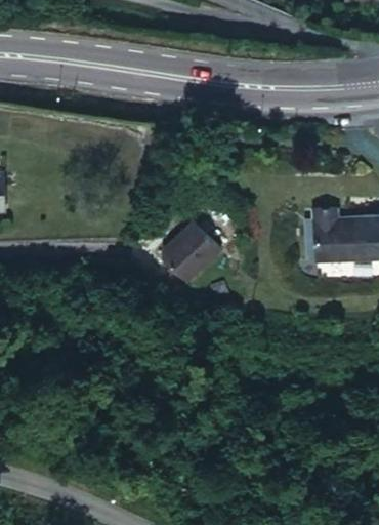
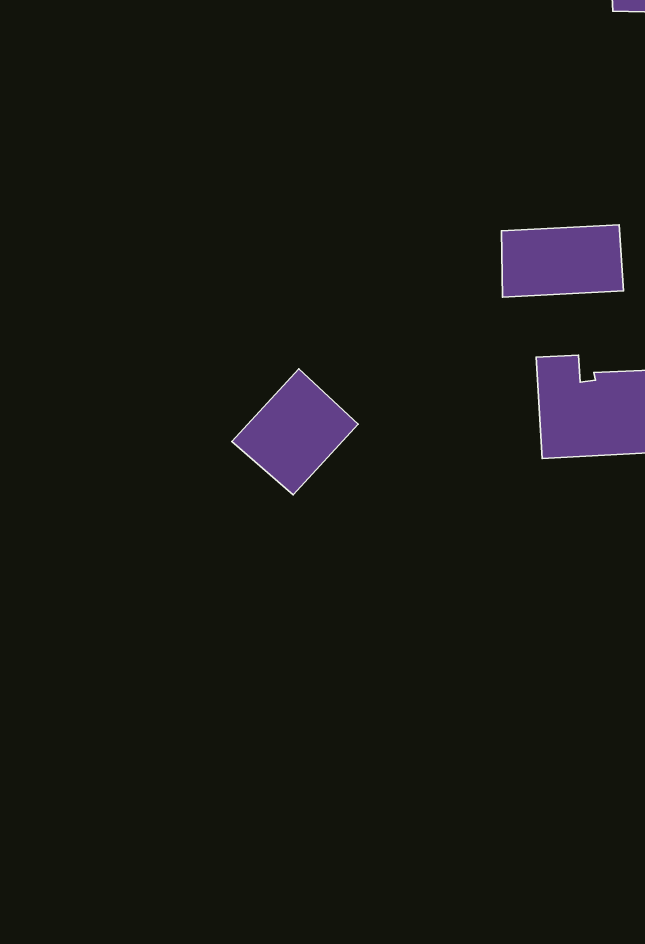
building: none -> [501,225,623,297]

